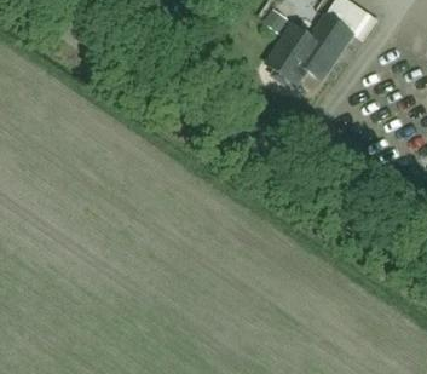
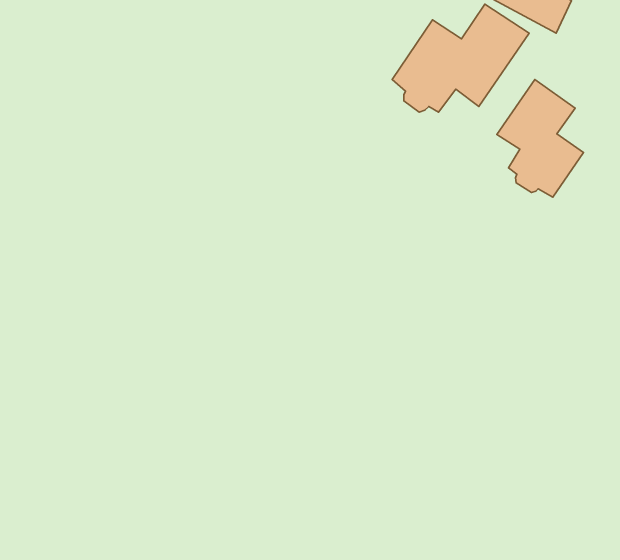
building: none -> [497,79,584,197]

